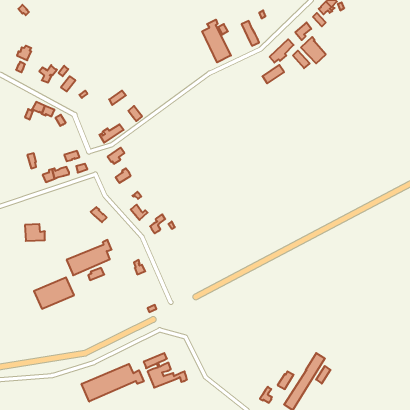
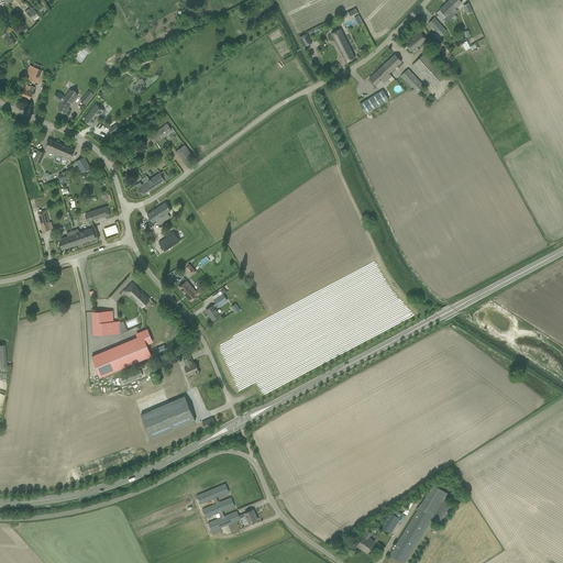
building: [202,20,231,62] -> none
building: [25,224,45,241] -> [92,311,120,334]
building: [34,277,74,309] -> [139,396,194,439]
building: [82,364,144,402] -> none

